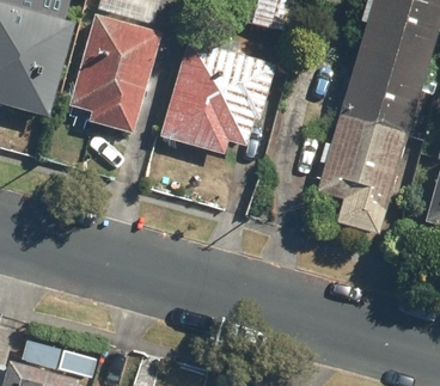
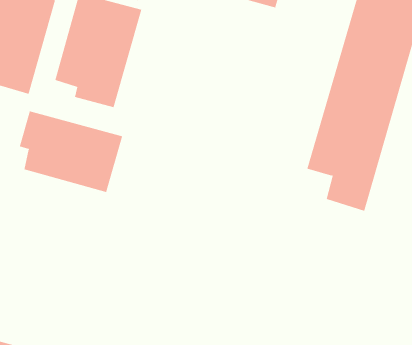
building: [161,33,273,153] -> none
building: none -> [19,111,123,193]

